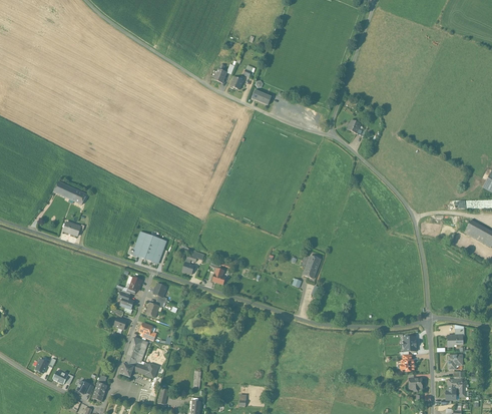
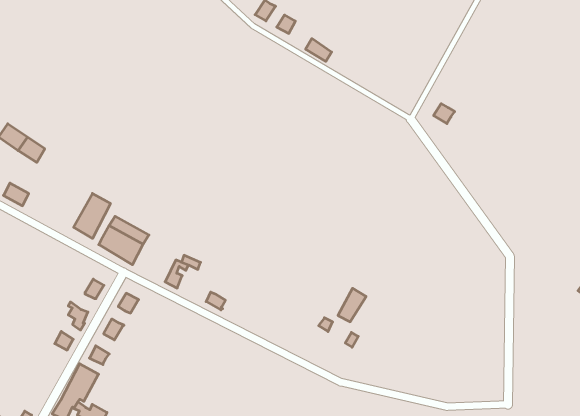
building: none -> [74,193,110,238]

